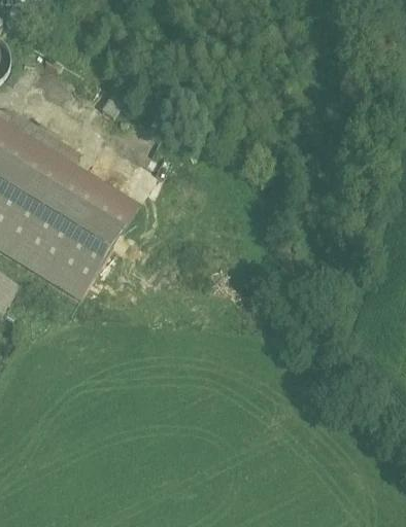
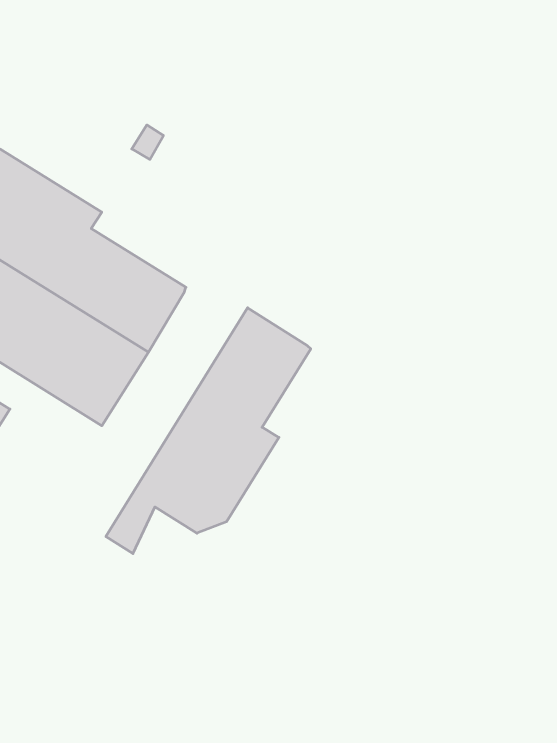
building: none -> [106,308,311,554]

